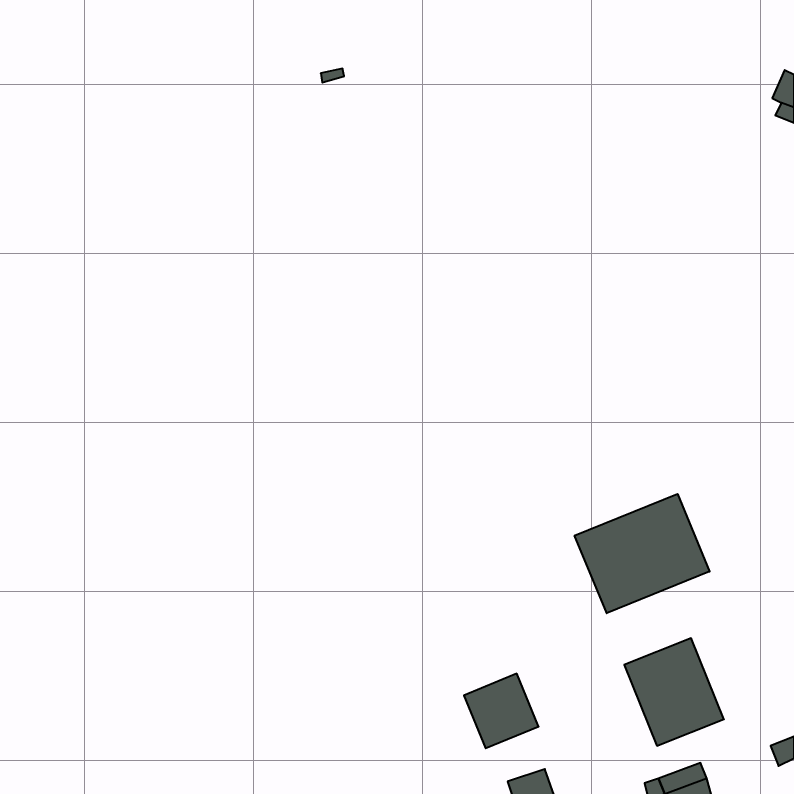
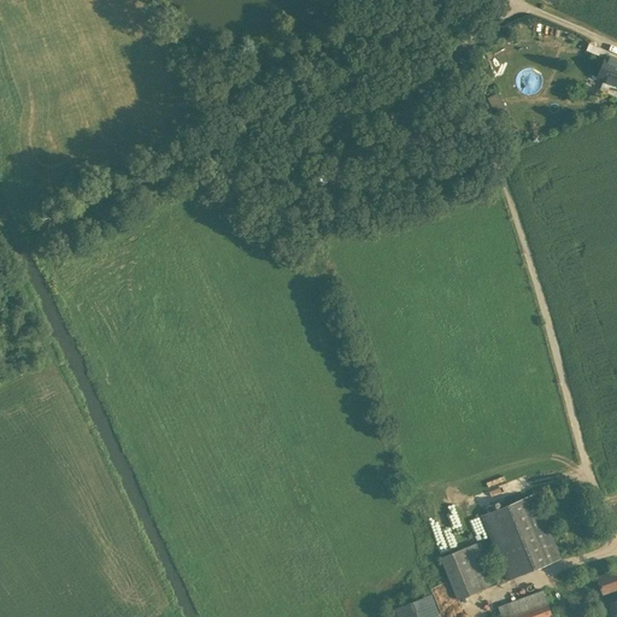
building: [575,494,710,613] -> none
building: [464,674,539,748] -> [440,542,498,600]

